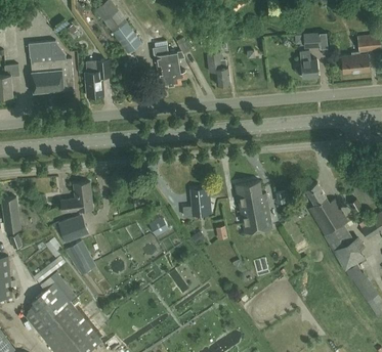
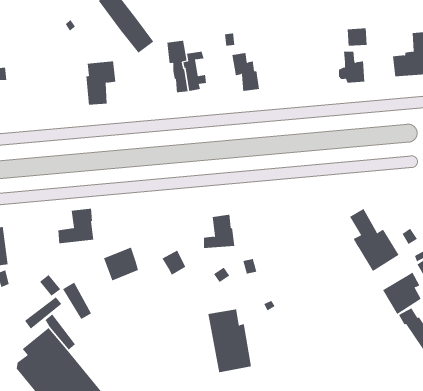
building: [29,41,75,93] -> none
building: [236,181,272,234] -> [208,309,252,373]
building: [58,215,88,244] -> [103,247,139,281]

